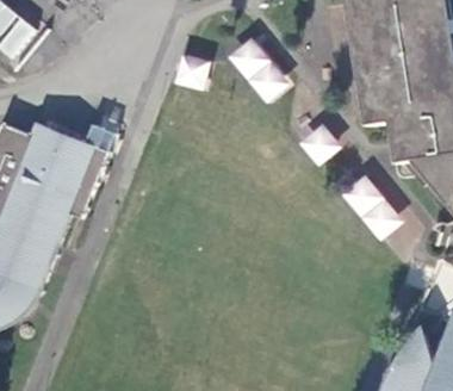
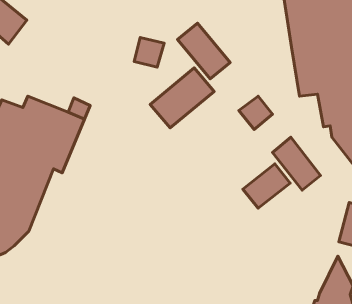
building: none -> [150,68,214,128]
building: none -> [243,164,290,208]

